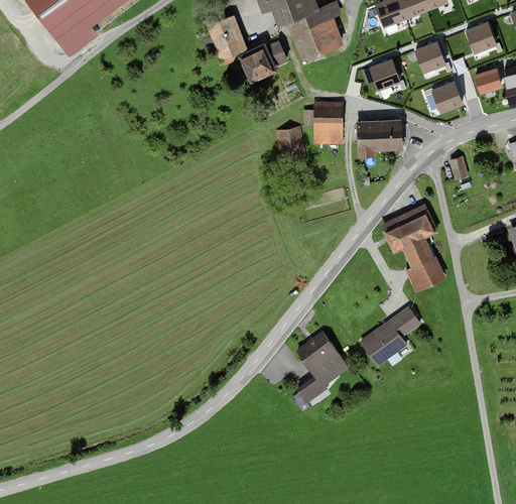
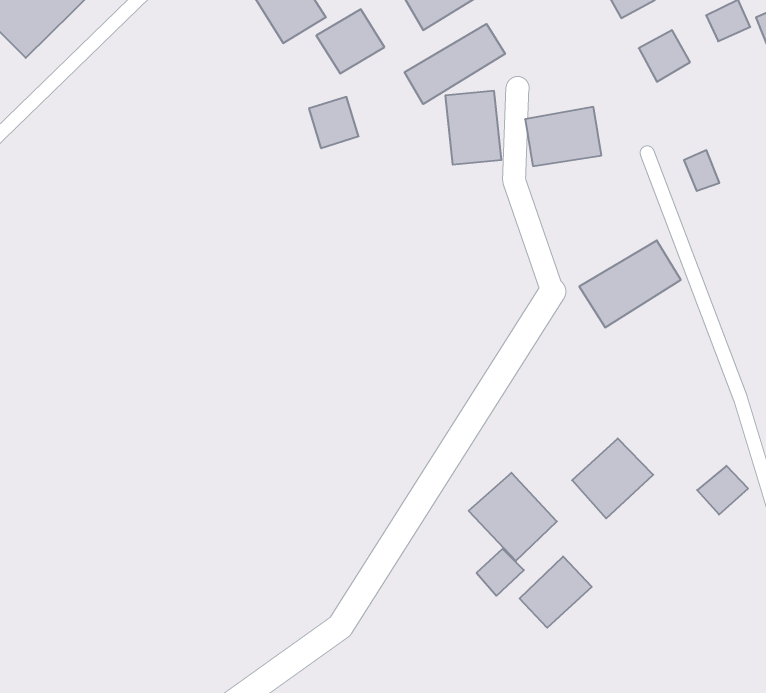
building: [369,59,398,88] -> none
building: none -> [405,24,505,104]
building: [277,125,304,153] -> [309,97,359,148]
building: [404,239,445,287] -> none
building: [389,305,419,334] -> [697,466,748,515]
building: none -> [520,556,592,628]

